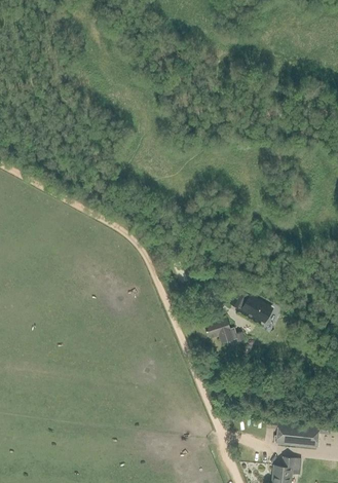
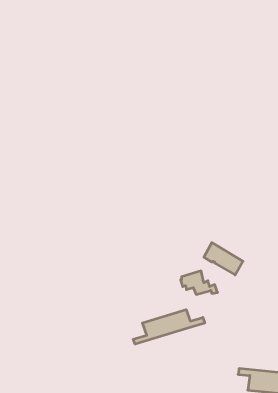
building: none -> [133,310,205,344]

